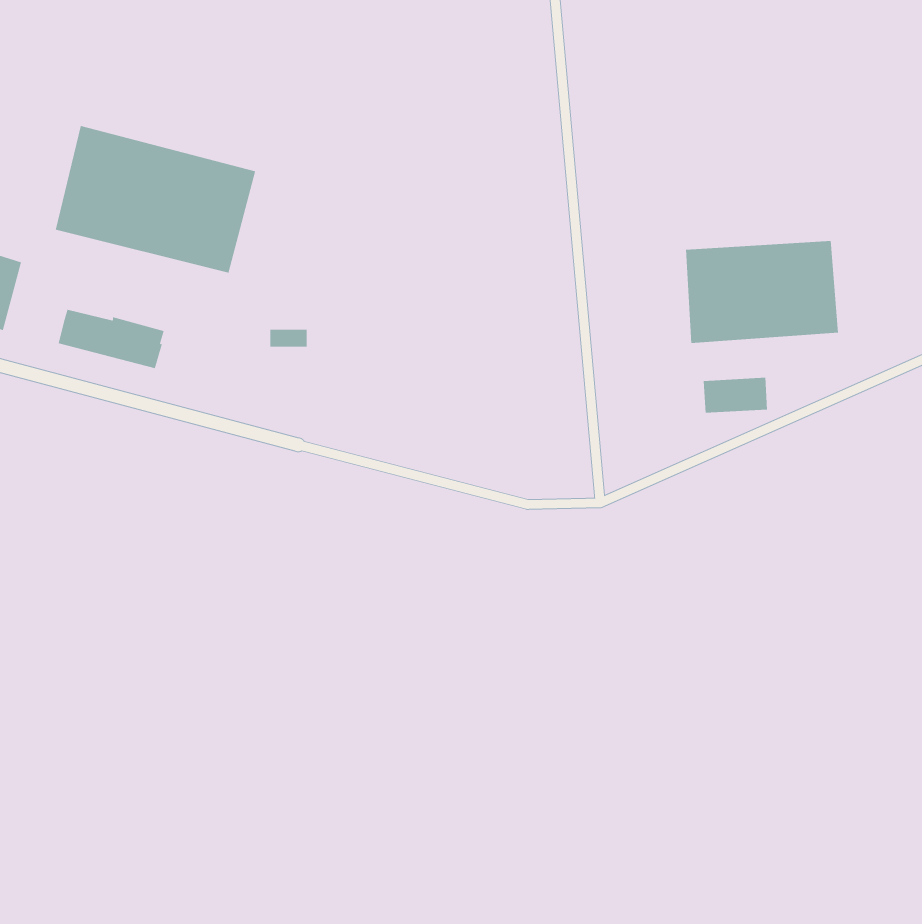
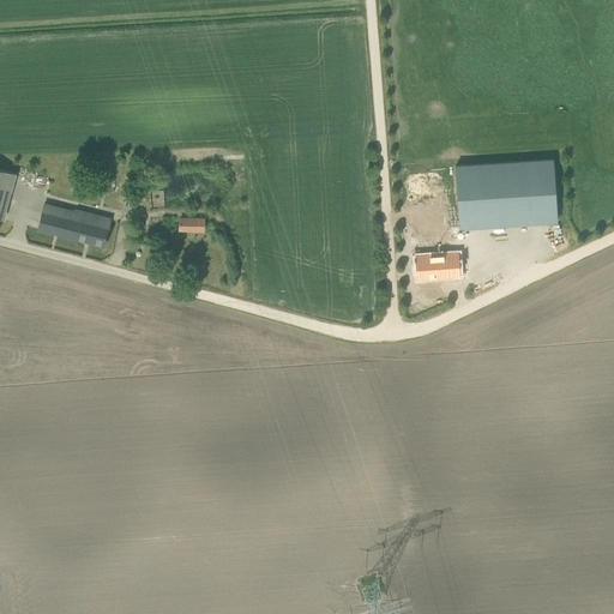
building: [55,125,256,273] -> none
building: [703,377,768,413] -> [415,253,458,277]

